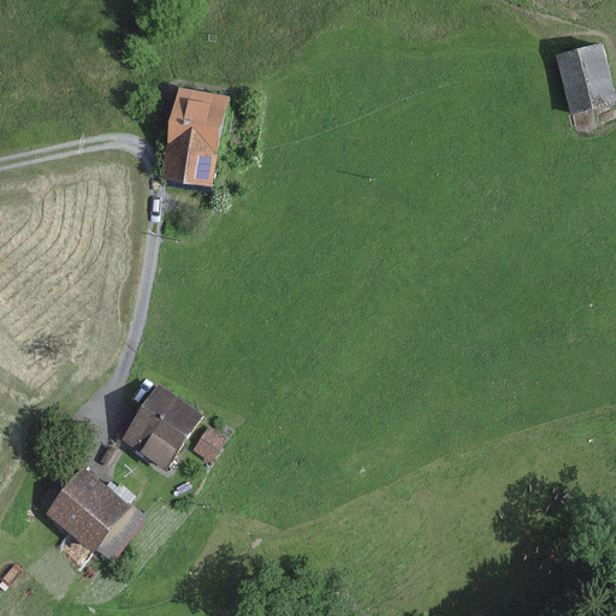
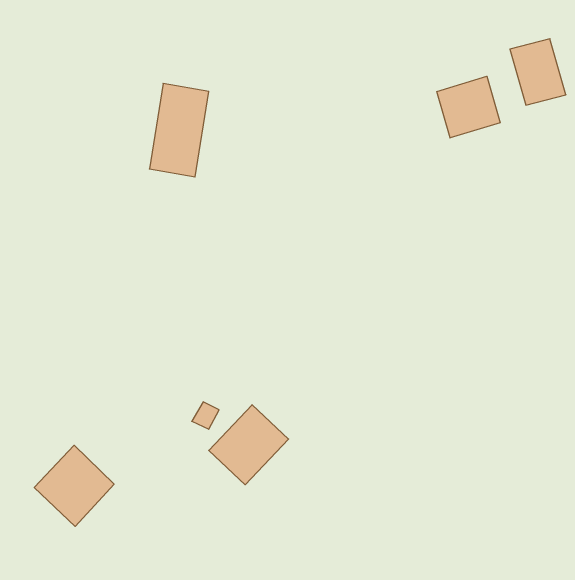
building: none -> [437,76,500,138]
building: [119,385,203,469] -> [209,405,289,485]

